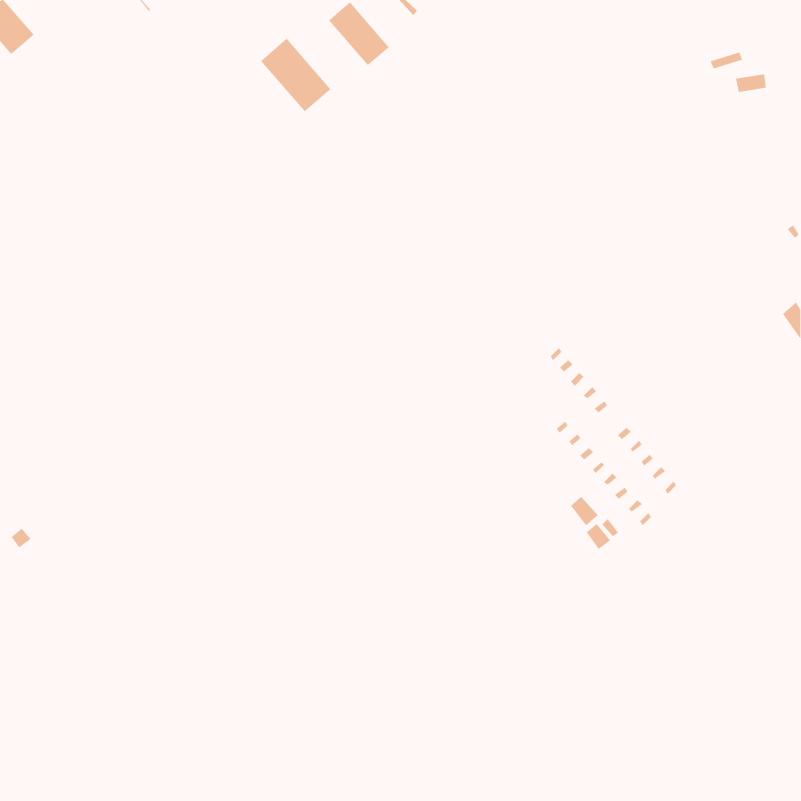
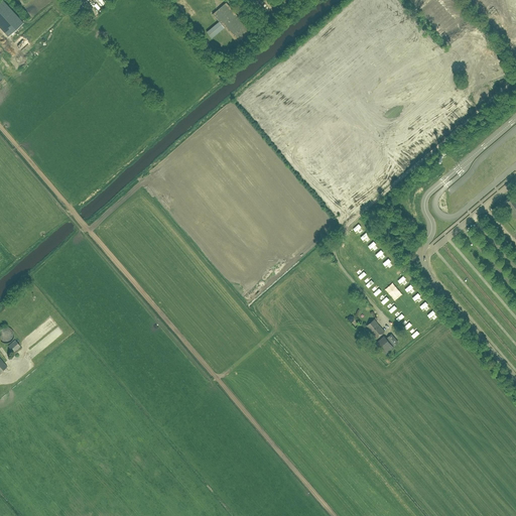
building: [260,38,331,112] -> none

